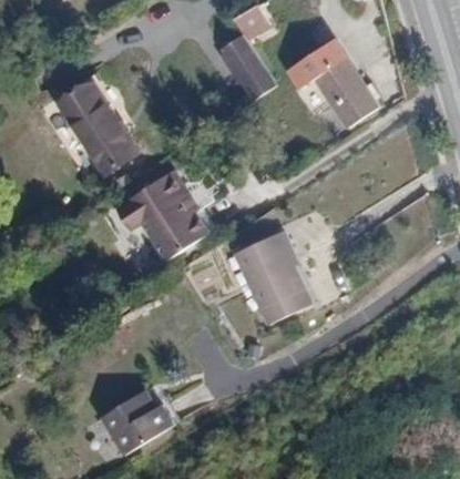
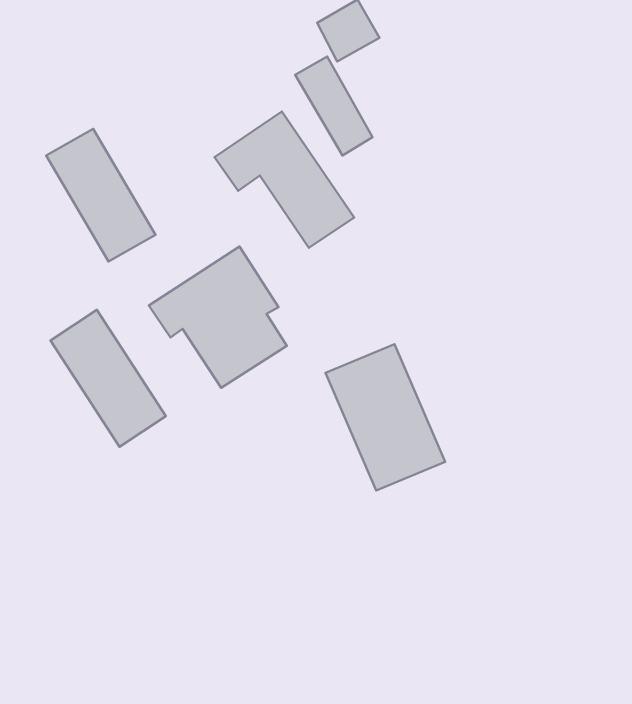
building: [288,38,380,128] -> [215,112,354,248]
building: none -> [50,310,166,447]
building: [102,388,174,455] -> none

